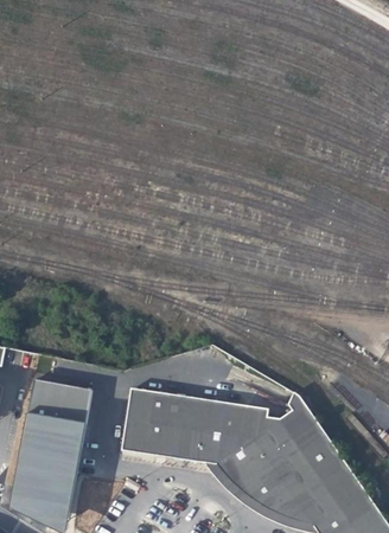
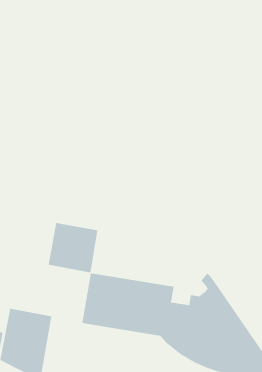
building: [23,379,91,448] -> [48,222,98,273]
building: [244,407,270,432] -> none

